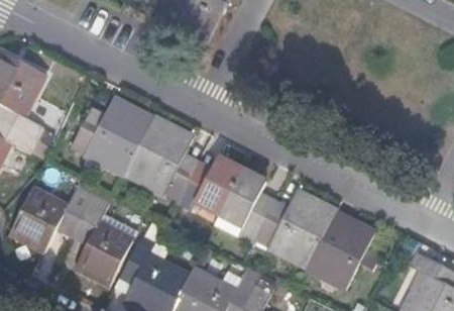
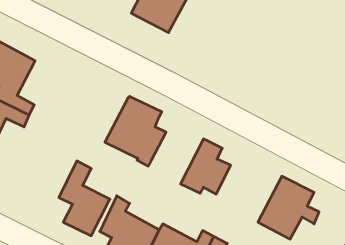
building: [72,98,152,174] -> none
building: [181,156,242,221] -> none
building: [11,186,92,249] -> none
building: [255,189,336,267] -> none

